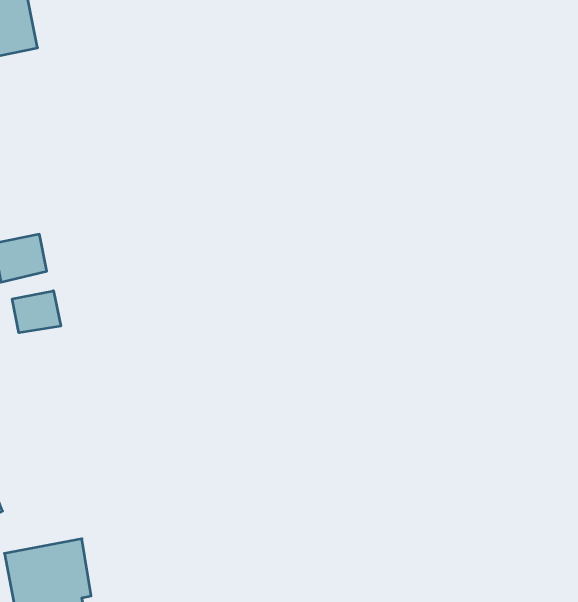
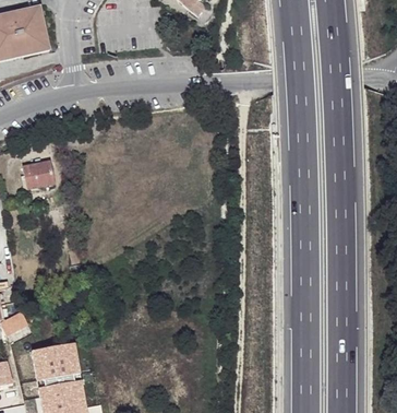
building: [12,291,61,333] -> none

